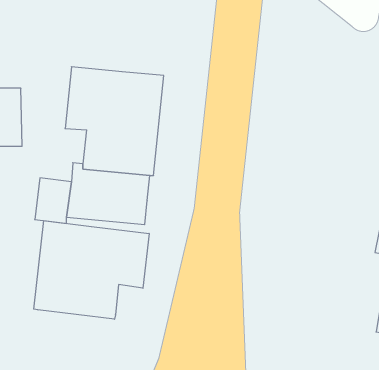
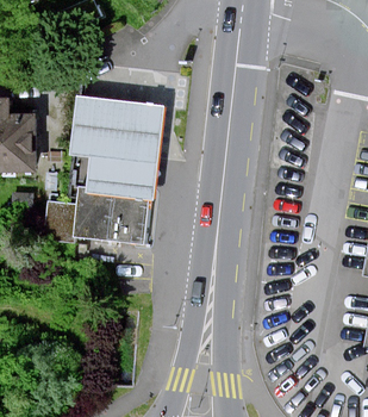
building: [34,221,149,319] -> none

